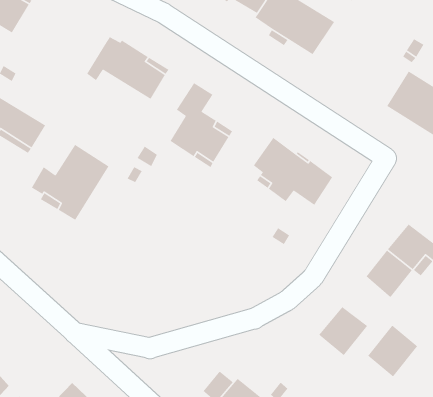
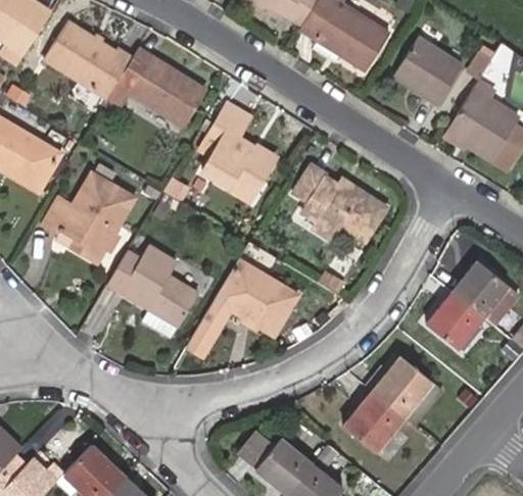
building: none -> [44,20,128,95]
building: none -> [393,37,465,106]
building: none -> [105,246,196,327]
building: none -> [188,260,294,352]
building: [367,325,418,377] -> [343,390,401,450]

